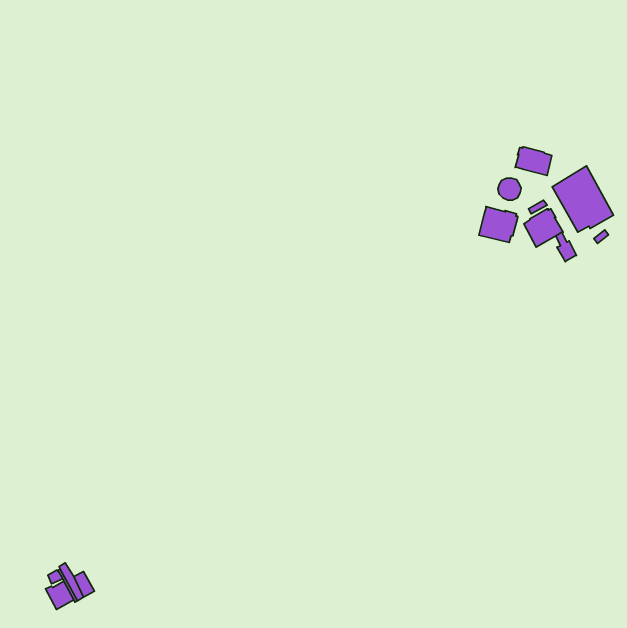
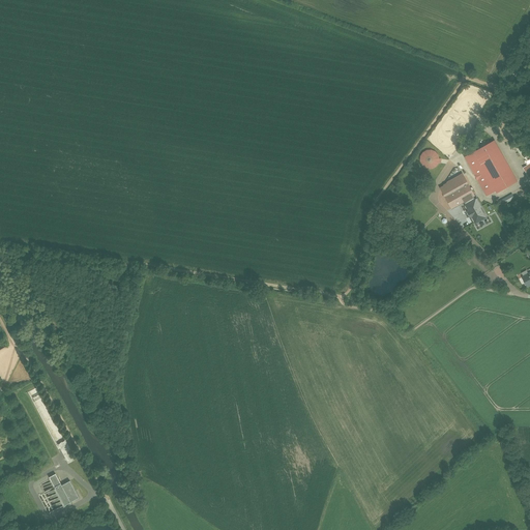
building: [515,147,552,175] -> none
building: [479,206,518,243] -> none

